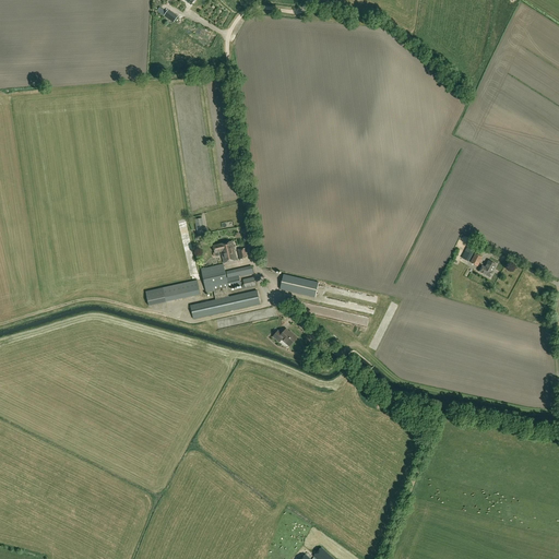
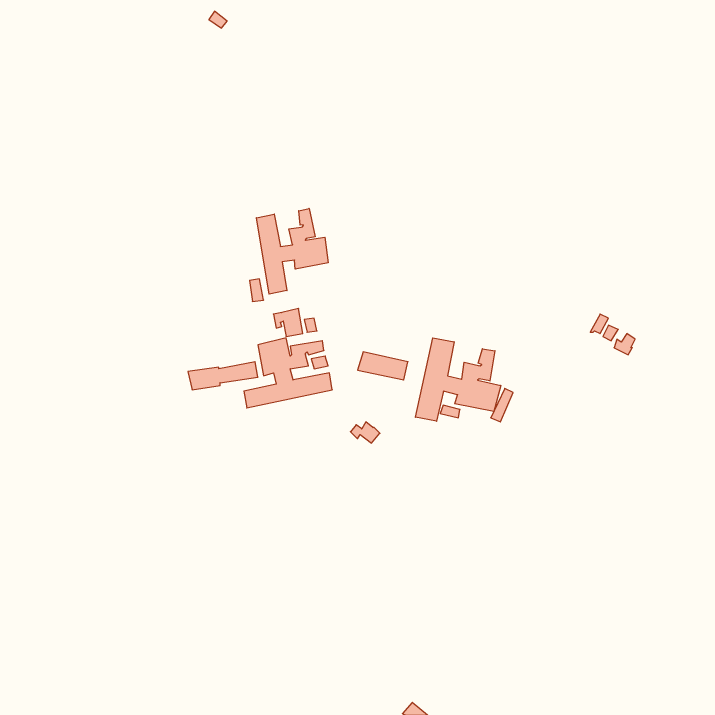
building: none -> [256,208,328,294]
building: none -> [415,338,501,421]

